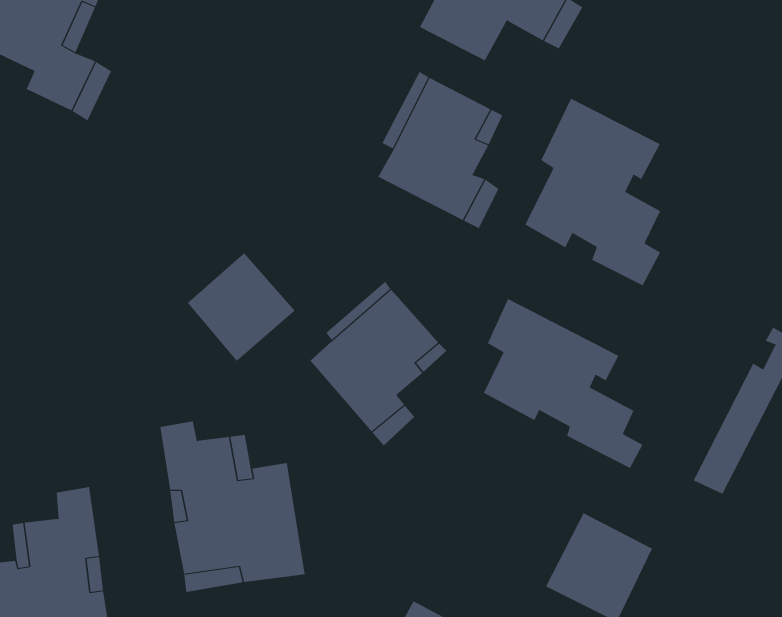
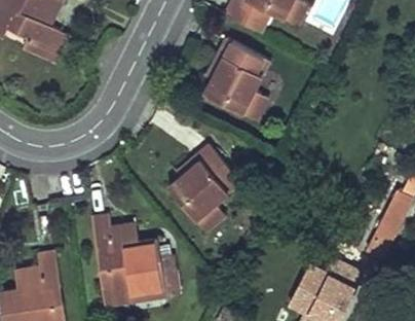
building: [525,98,661,286] -> none
building: [187,253,296,362] -> none
building: [483,298,643,469] -> none

